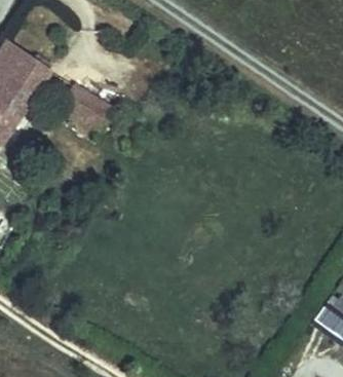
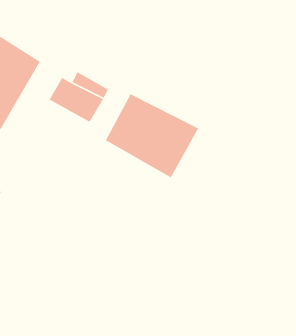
building: none -> [105,93,199,179]

